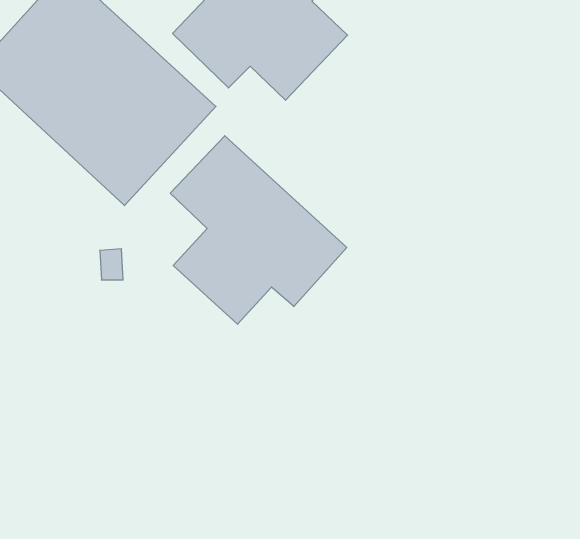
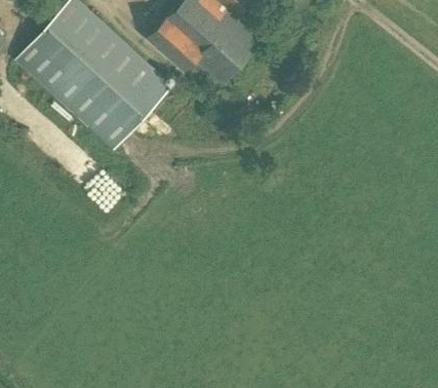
building: [170,136,347,324] -> none

